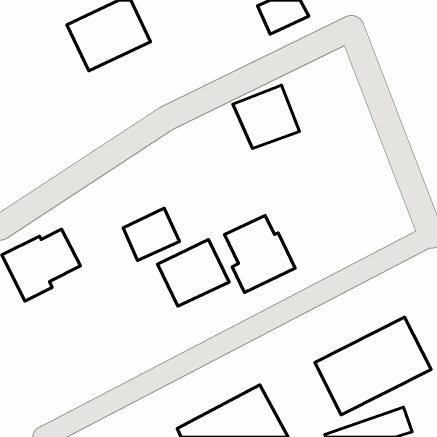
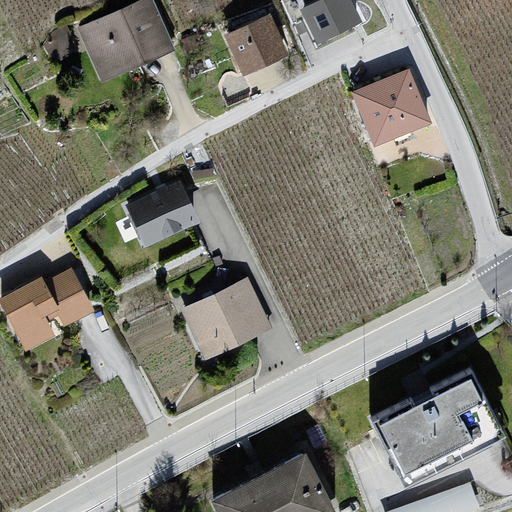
building: none -> [228,17,284,71]
building: [233,85,300,149] -> [340,73,418,147]
building: [123,208,179,260] -> [129,182,195,243]
building: [225,215,295,292] -> none

